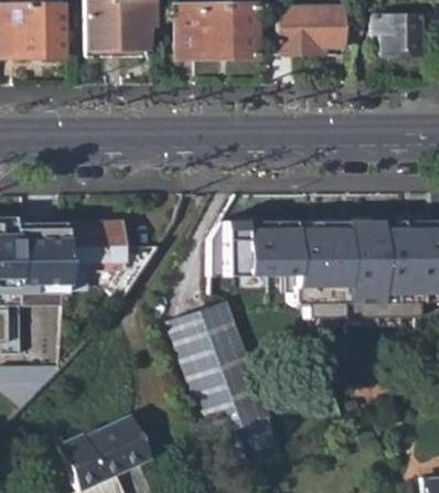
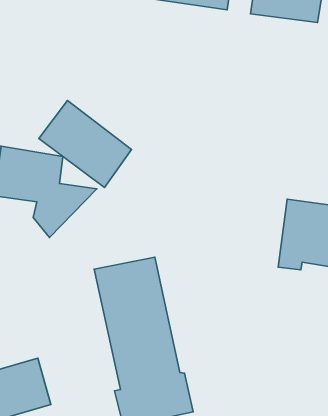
building: none -> [39,100,131,187]
building: [223,225,342,296] -> none

